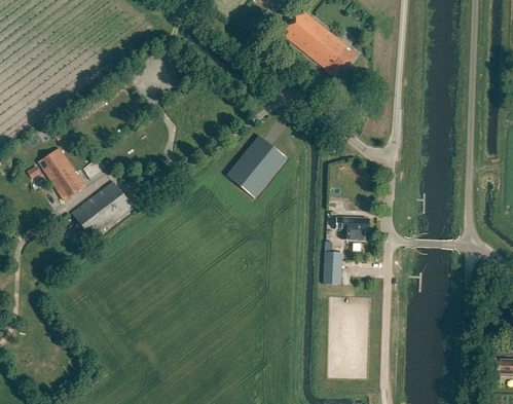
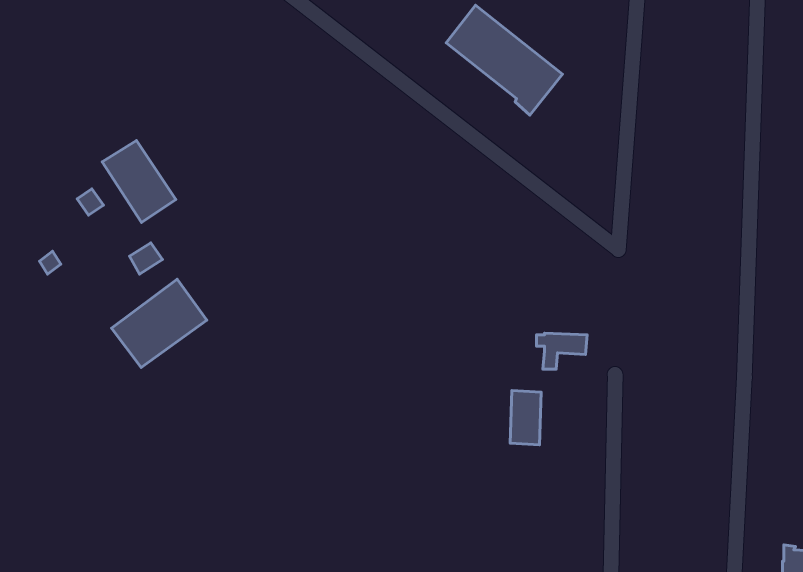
building: [227,136,287,197] -> none
building: [39,148,85,199] -> [102,141,176,223]

